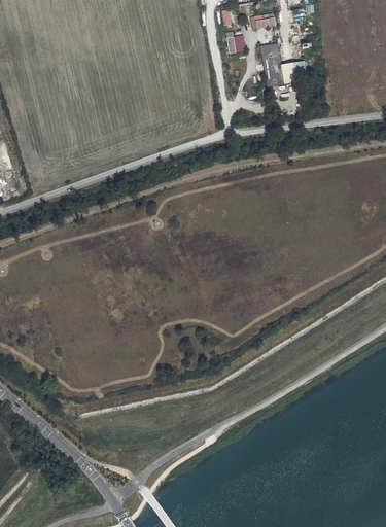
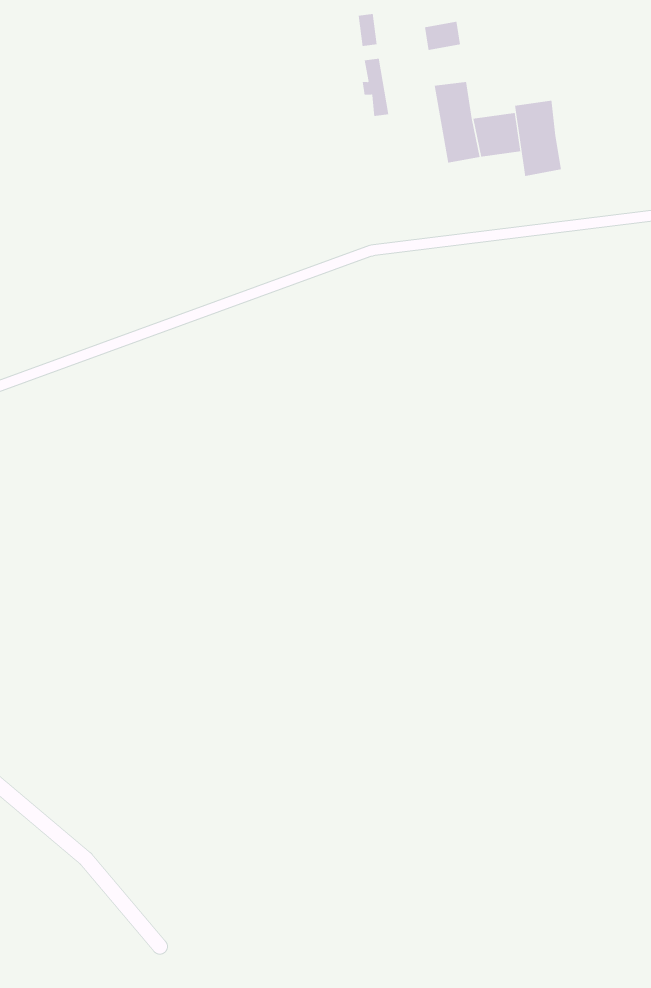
building: none -> [514,100,561,177]

